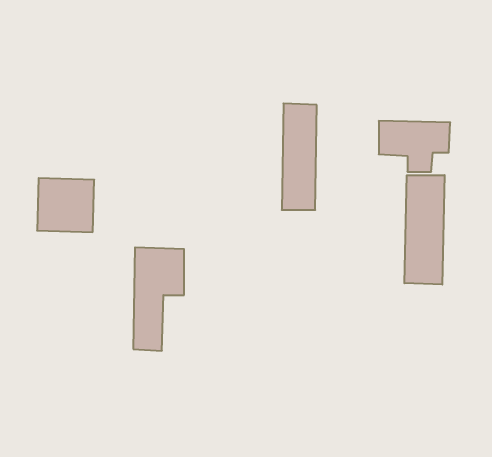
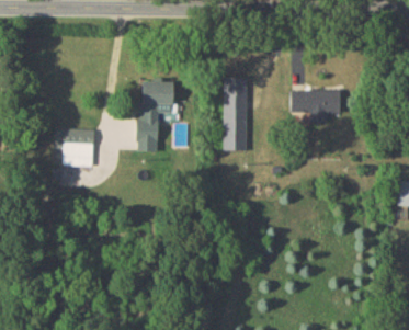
building: [404,175,445,285] -> none
building: [133,247,184,351] -> [138,81,173,152]

